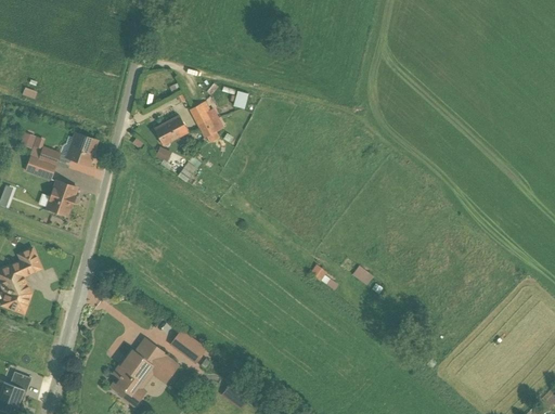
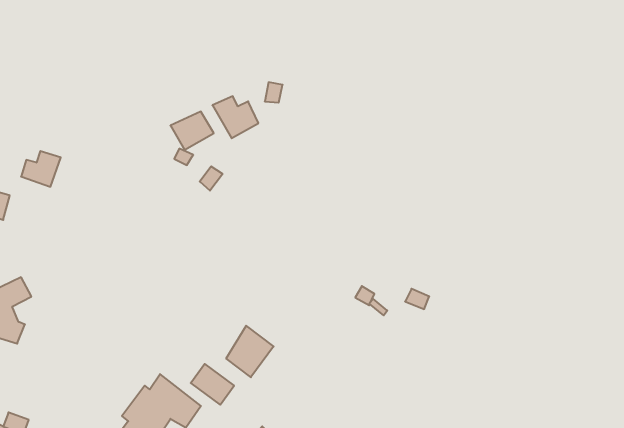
building: [63,132,99,167] -> none
building: [43,179,79,218] -> none
building: none -> [226,326,274,377]

